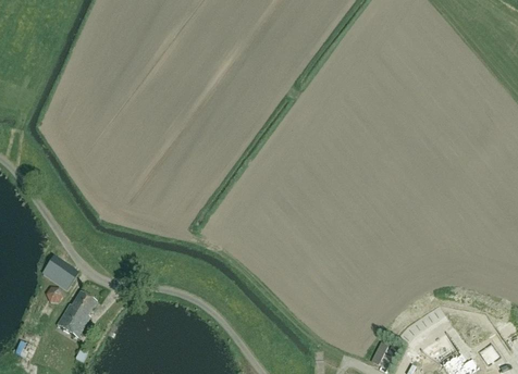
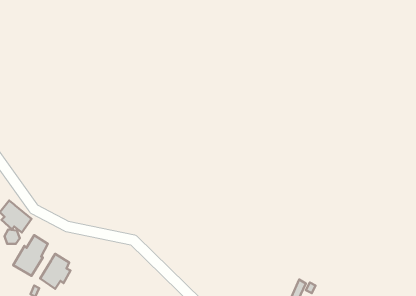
building: none -> [40,254,70,289]

